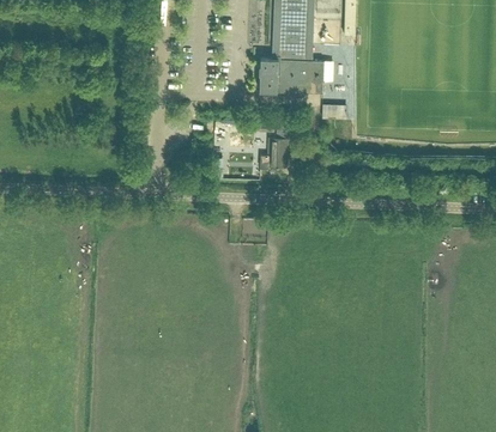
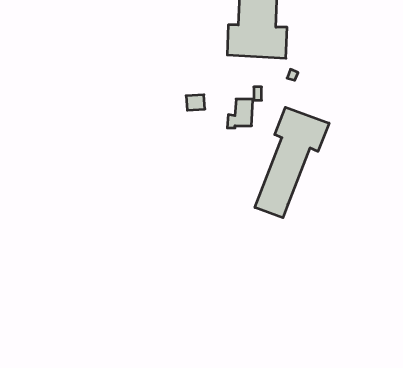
building: none -> [255,107,329,218]

